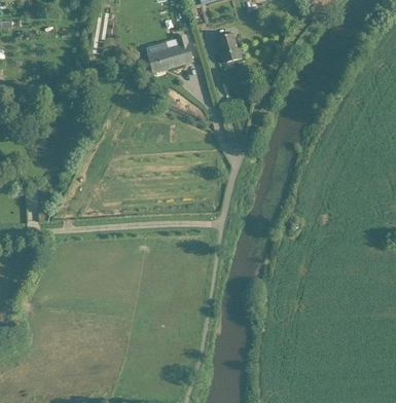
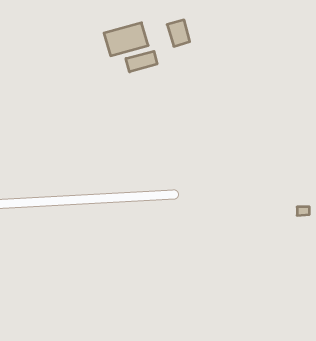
building: none -> [126,51,157,72]

